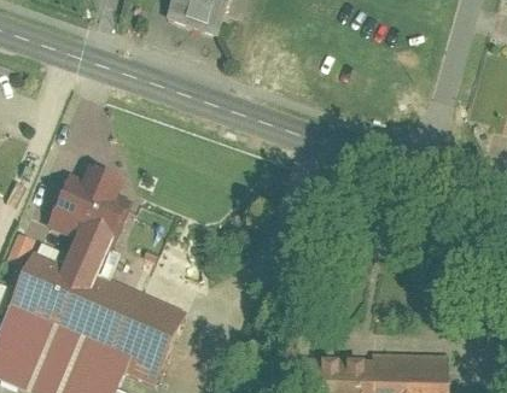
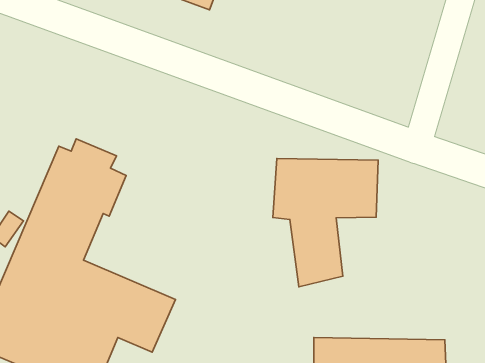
building: none -> [273,158,378,287]

